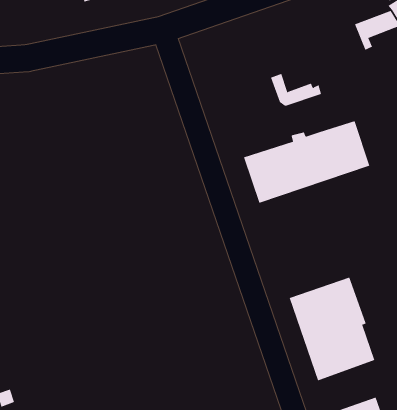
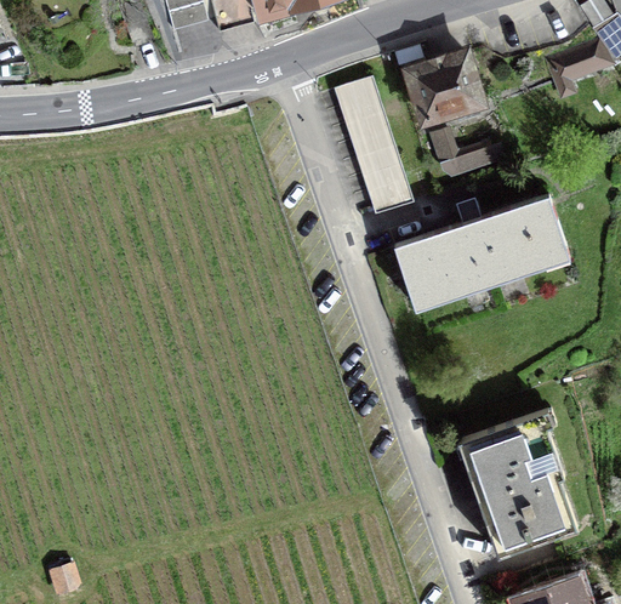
building: none -> [410,55,482,120]
building: none -> [335,78,414,215]

